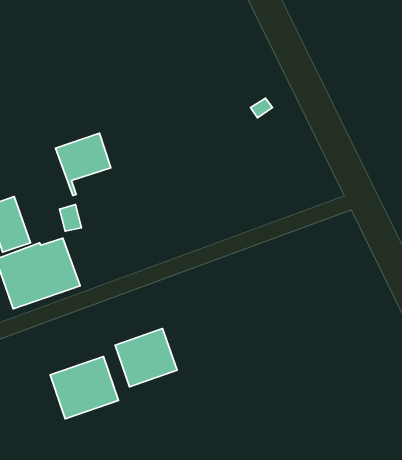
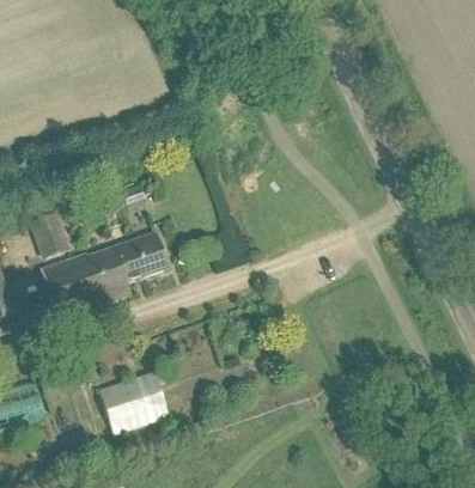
building: [55,133,111,196] -> [108,232,165,297]
building: [115,328,177,387] -> none

